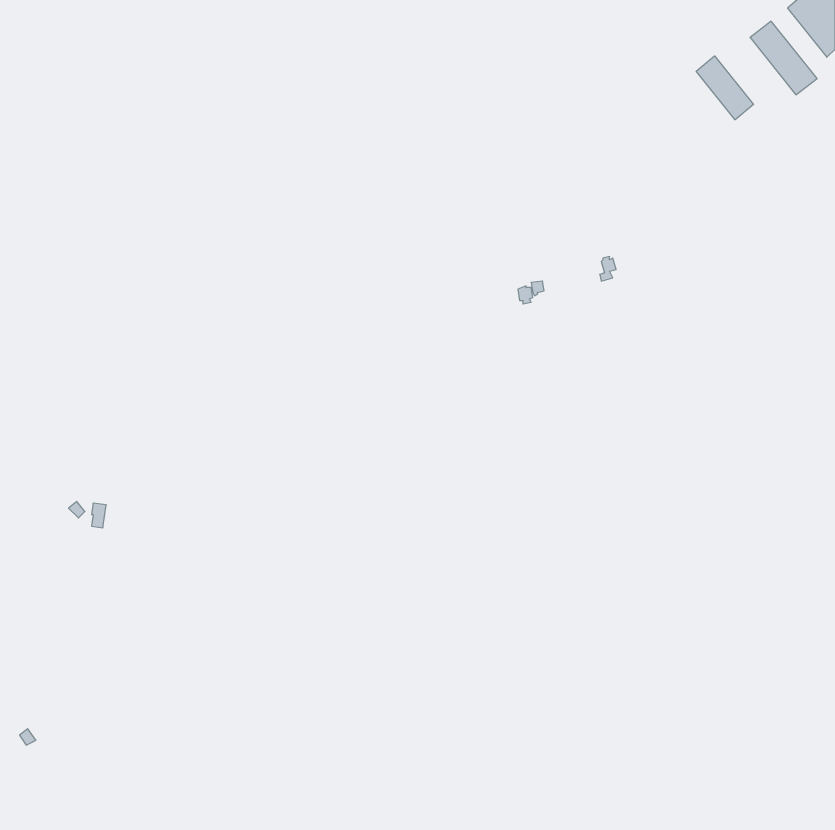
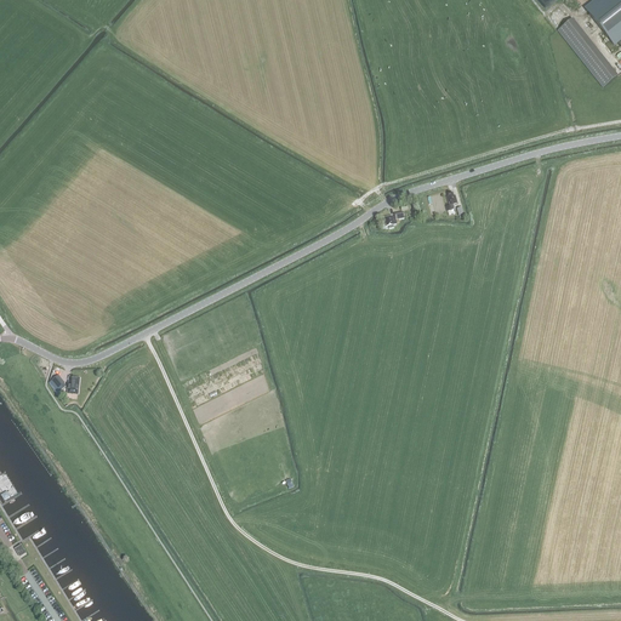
building: [696,56,753,120] -> none

